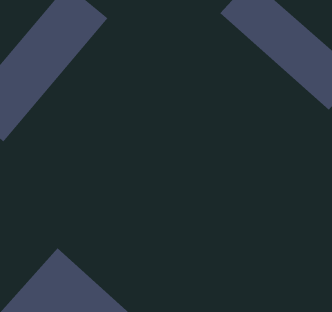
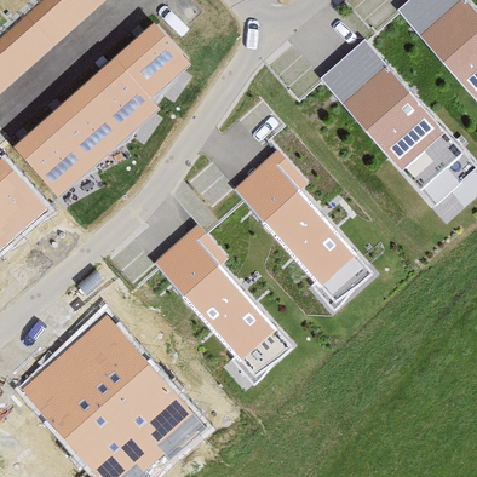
building: none -> [236,156,368,295]
building: none -> [155,232,286,372]

